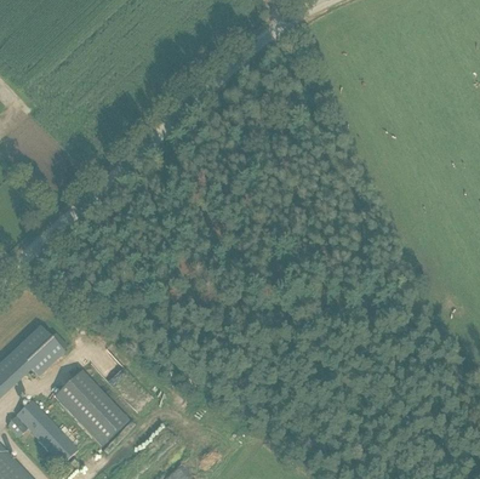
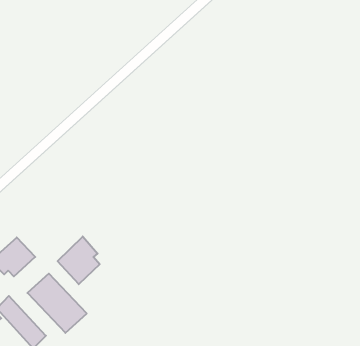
building: none -> [58,236,100,284]

